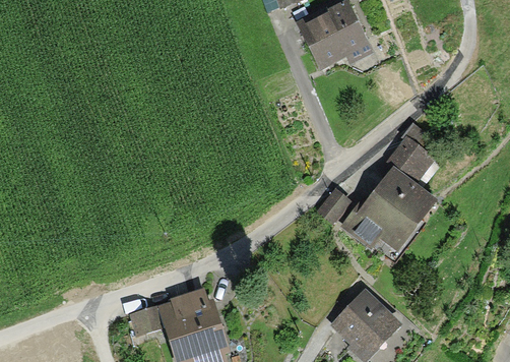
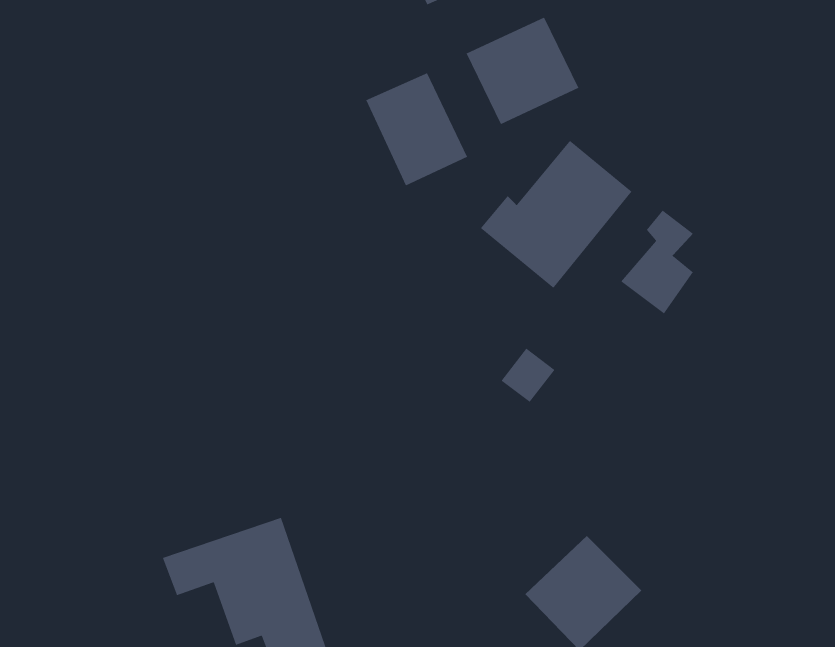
building: none -> [365,72,468,186]
building: [345,177,430,259] -> [480,140,633,289]

